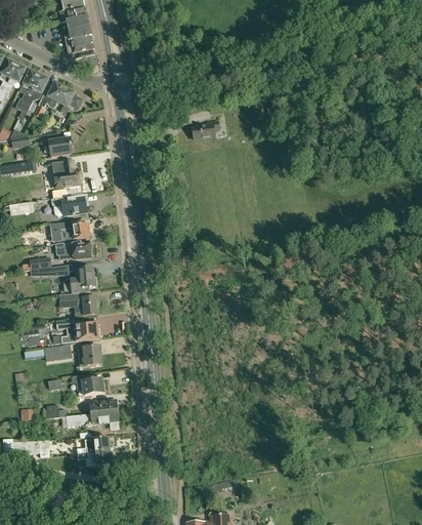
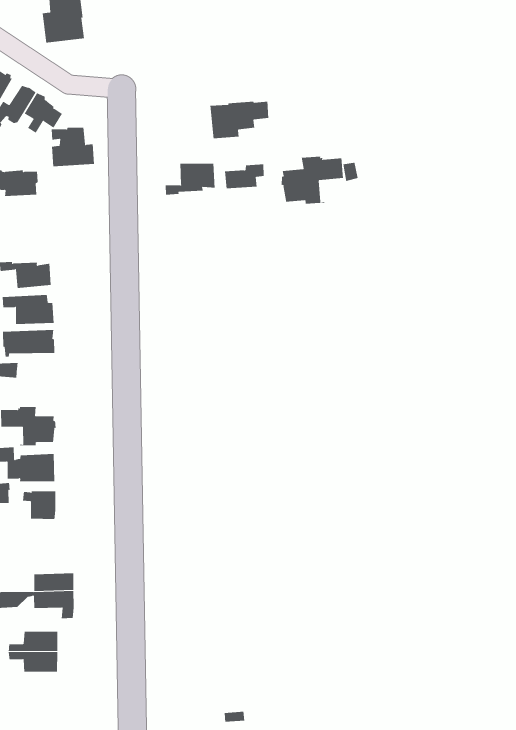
building: none -> [210,101,269,139]
building: none -> [281,156,344,205]
building: none -> [165,163,215,196]
building: [52,160,83,188] -> [51,127,95,167]
building: [71,268,94,293] -> none
building: [73,374,104,397] -> none

